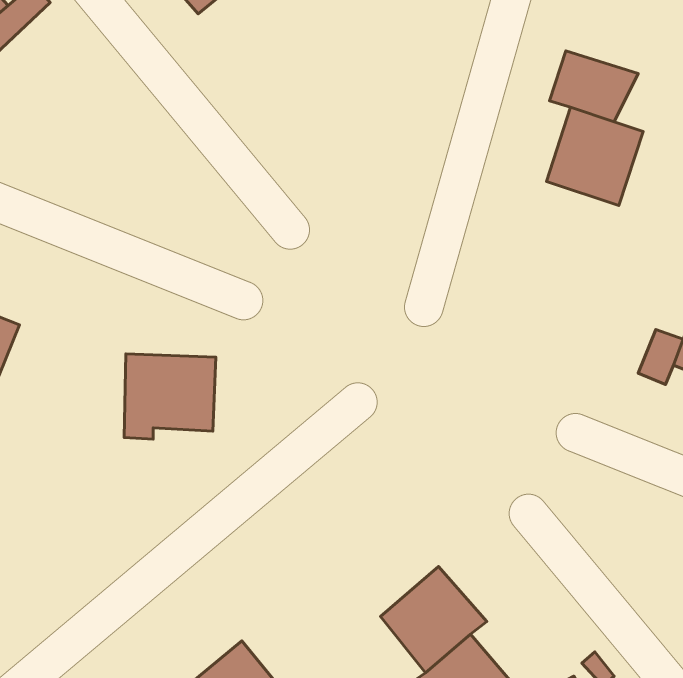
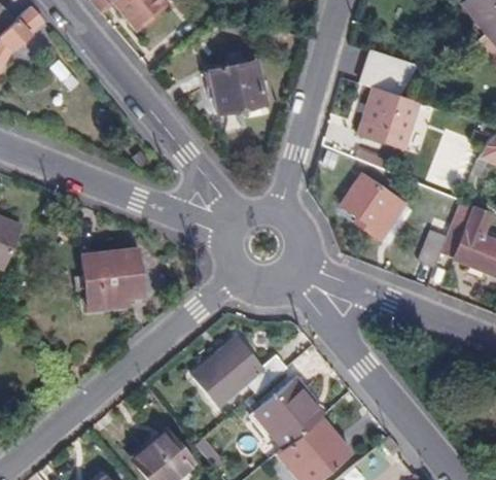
building: none -> [210,61,267,112]
building: none -> [339,177,402,243]
building: none -> [192,339,285,405]

